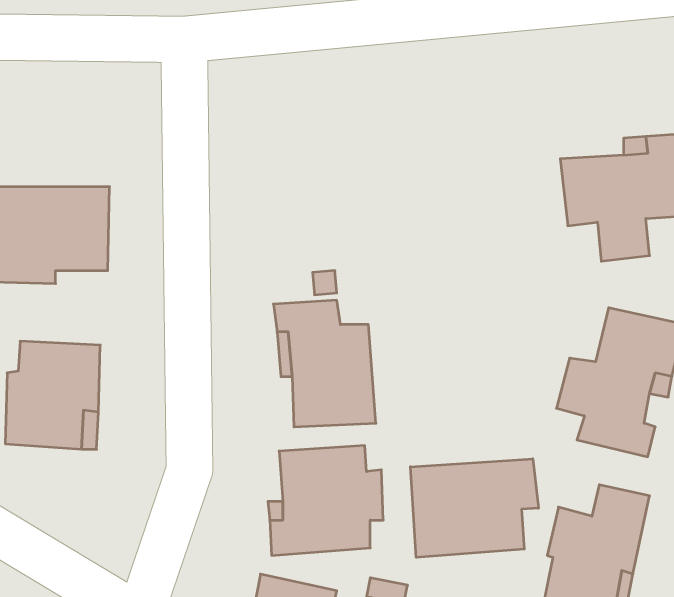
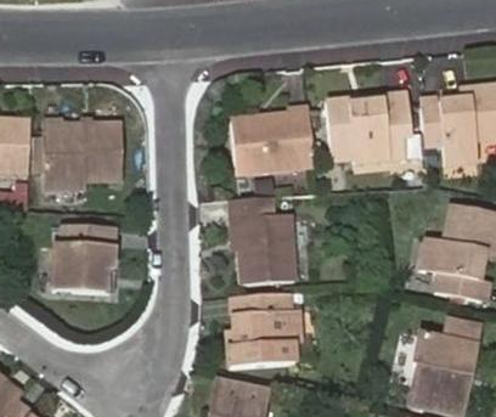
building: none -> [322,95,407,164]
building: none -> [227,111,310,173]
building: [410,459,538,557] -> none

